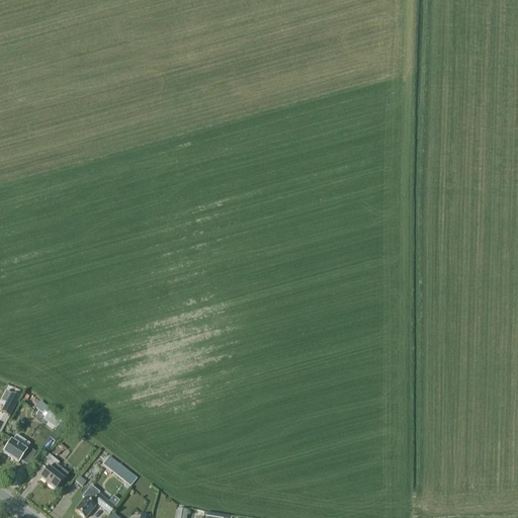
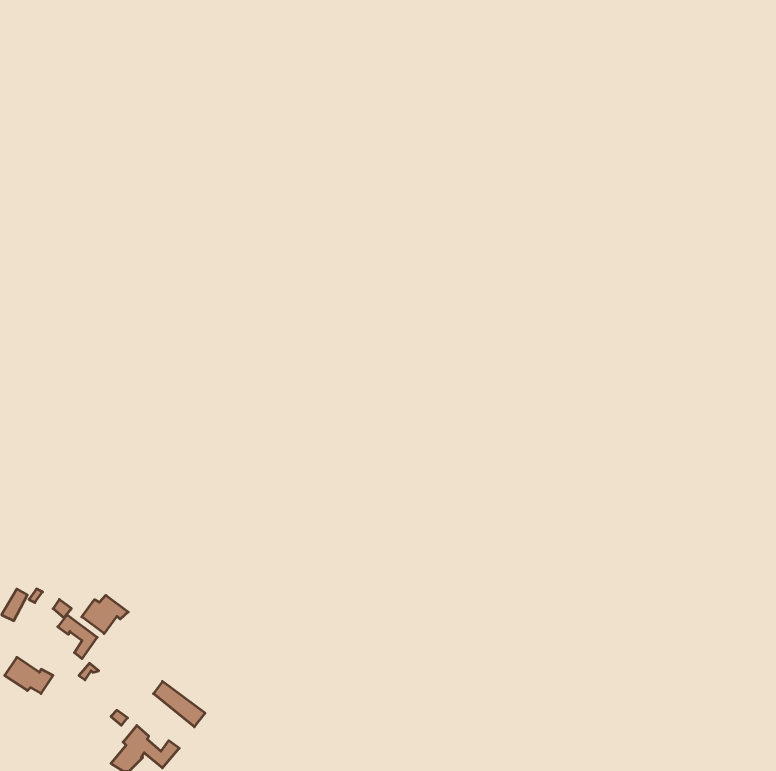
building: none -> [82,595,128,634]
building: [39,452,68,488] -> none

